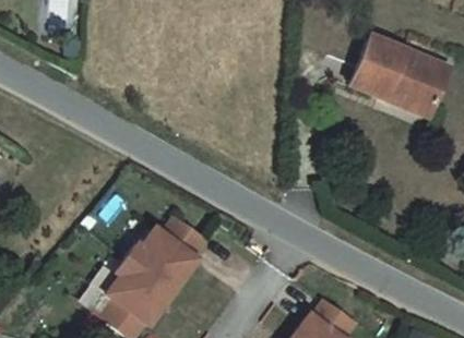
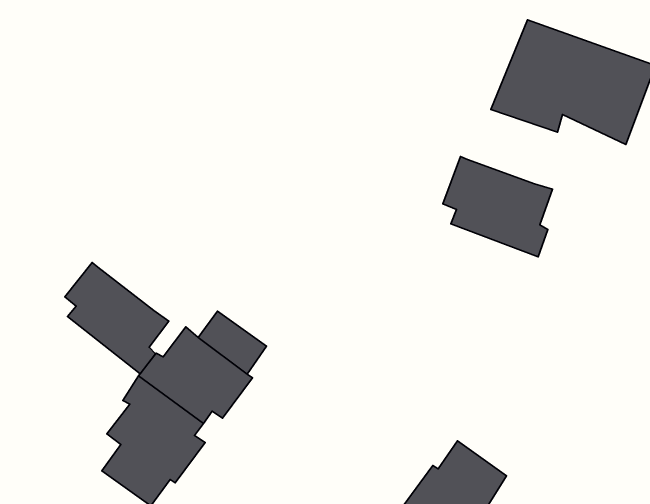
building: none -> [443,157,553,257]
building: none -> [65,263,169,374]

